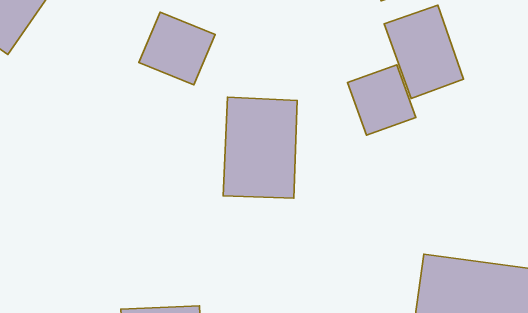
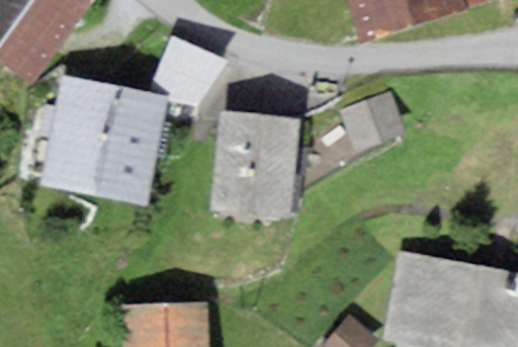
building: [384,5,464,98] -> none
building: none -> [51,86,164,201]

